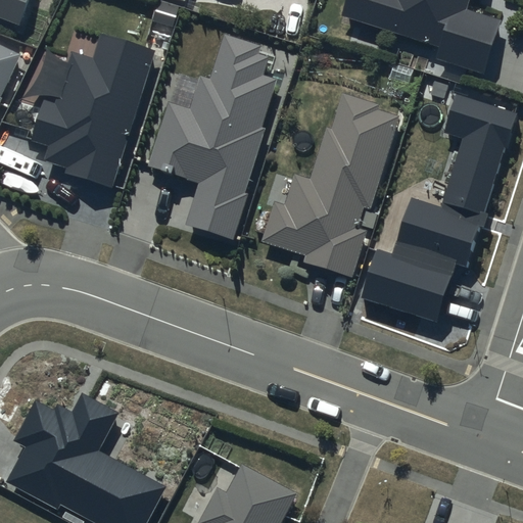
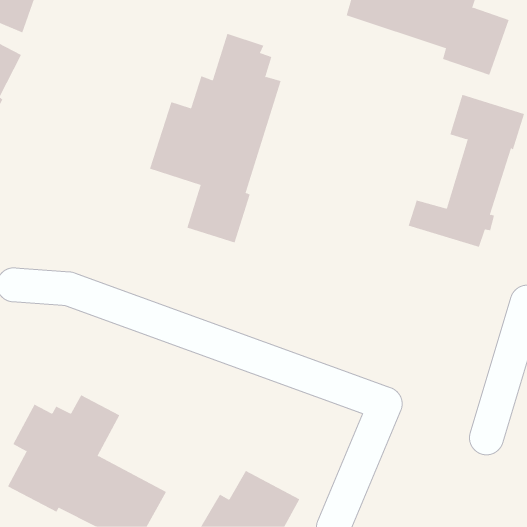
building: [29,32,155,188] -> none
building: [260,92,399,277] -> none
building: [361,240,457,322] -> none

